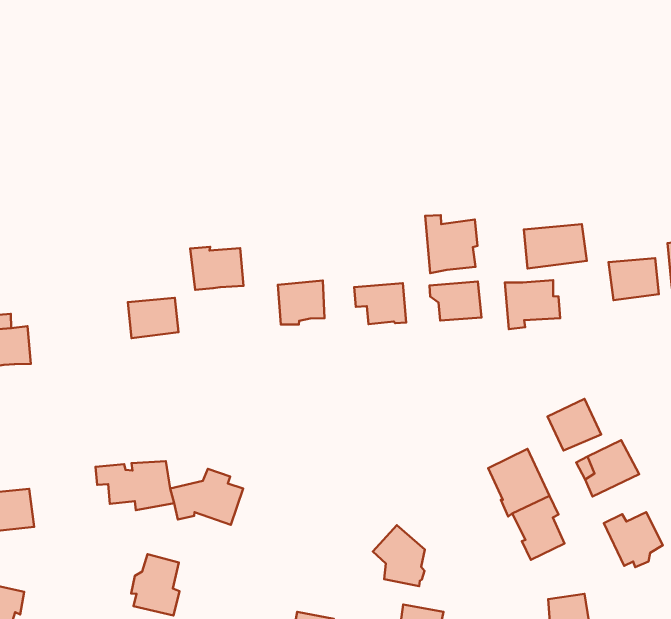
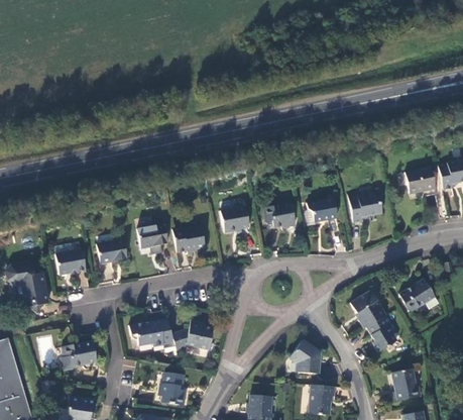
building: [425,215,478,273] -> none
building: [524,224,587,268] -> none
building: [190,247,244,290] -> [172,225,205,251]
building: none -> [98,237,125,262]
building: [548,399,601,451] -> none
building: [604,512,663,567] -> none

